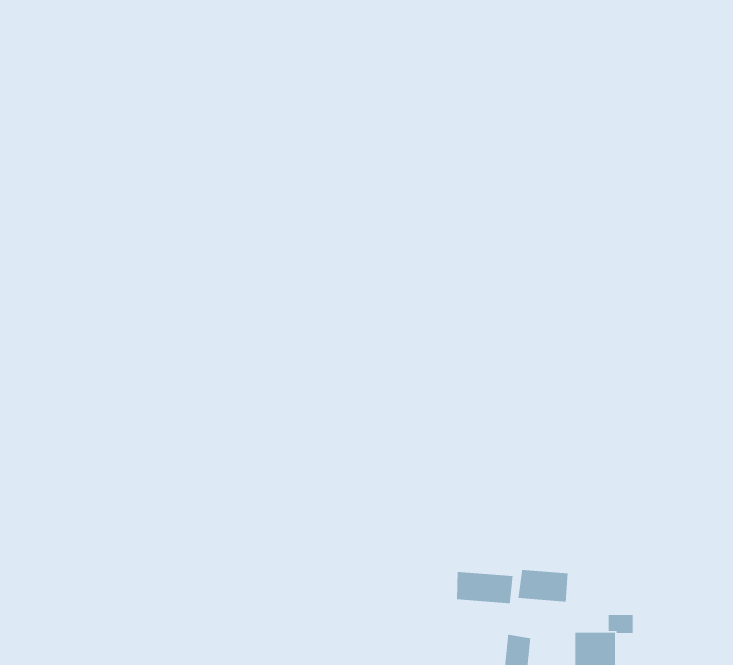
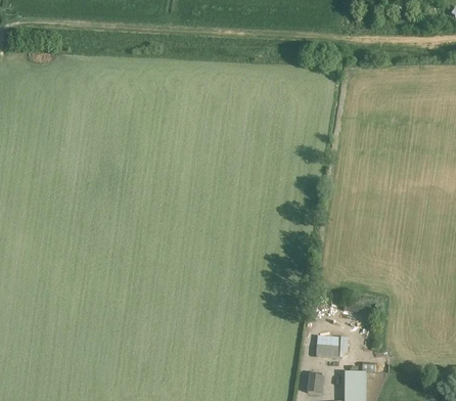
building: [456,571,513,604] -> none

